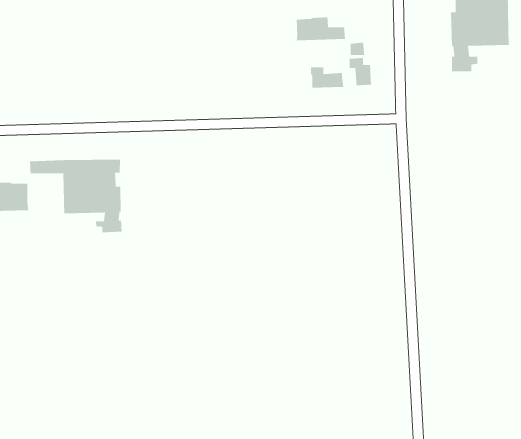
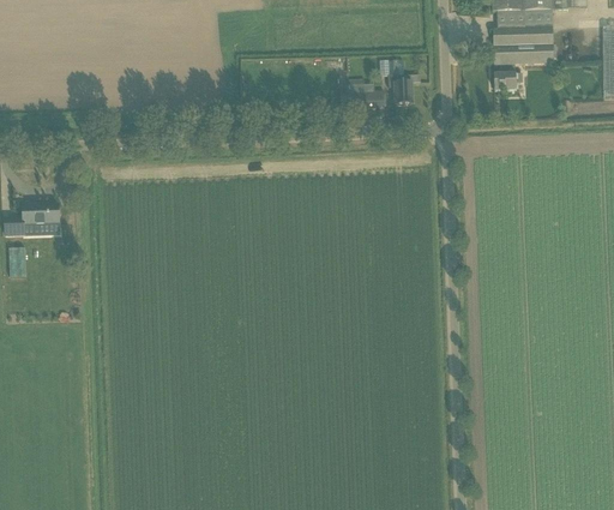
building: [296,16,346,41] -> none
building: [29,159,123,233] -> none

